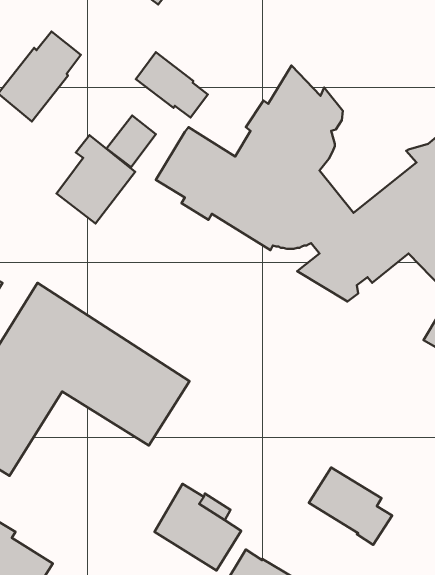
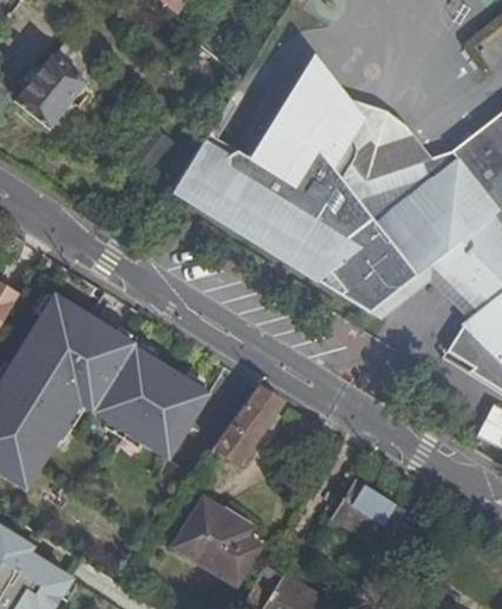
building: [136,52,208,117] -> none
building: none -> [341,100,440,222]
building: [57,135,135,224] -> none
building: none -> [209,387,282,465]

